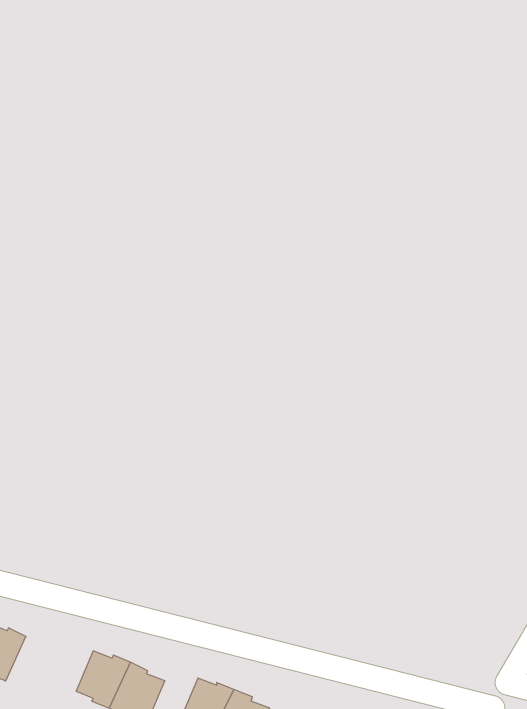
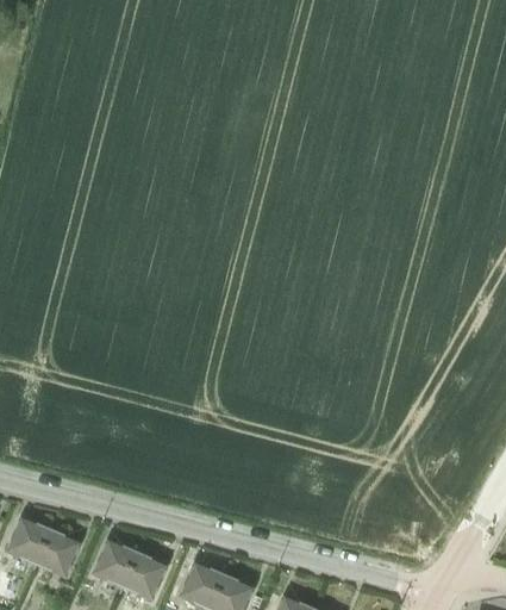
building: none -> [36,530,81,579]

